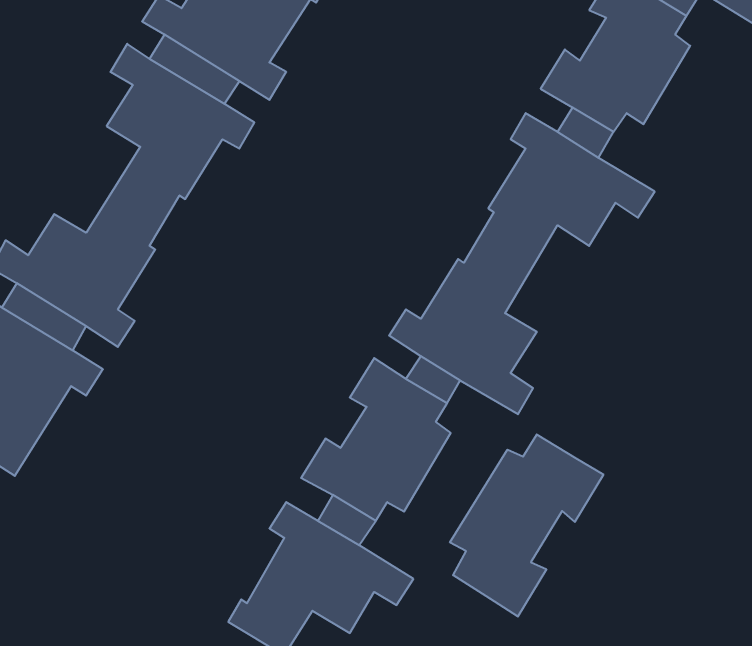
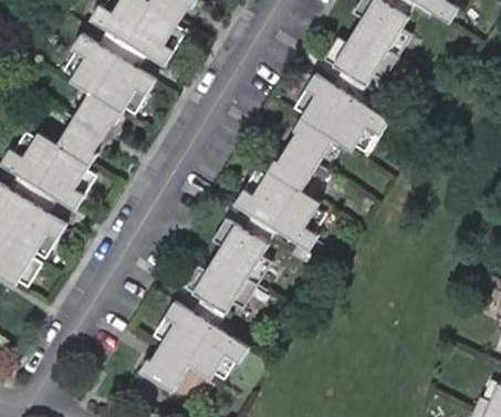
building: [450,434,603,617] -> none

